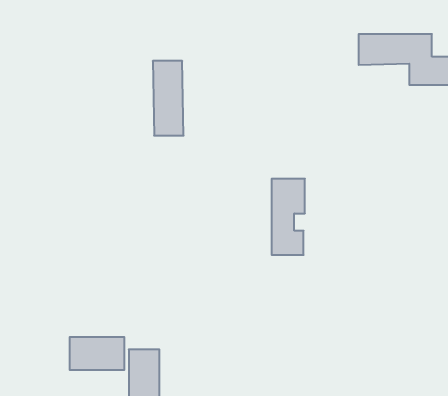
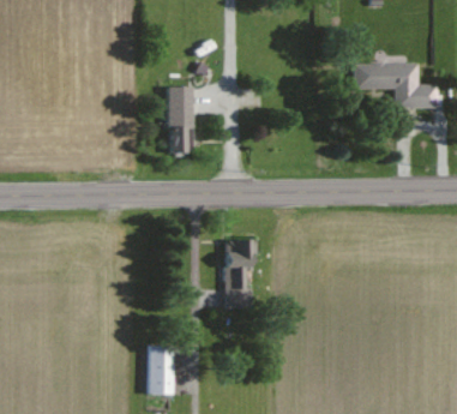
building: [272,179,305,255] -> [223,239,253,307]
building: [70,337,124,370] -> none

